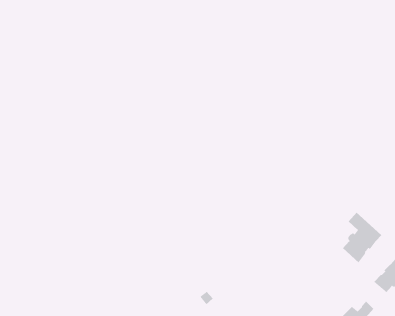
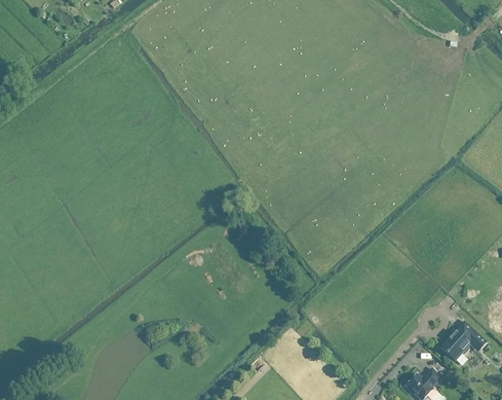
building: [342,212,382,263] -> none

